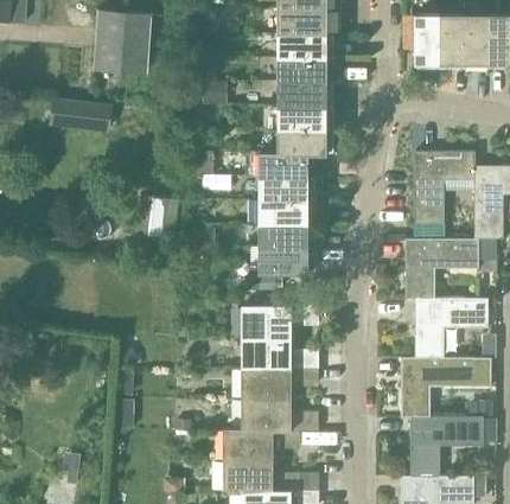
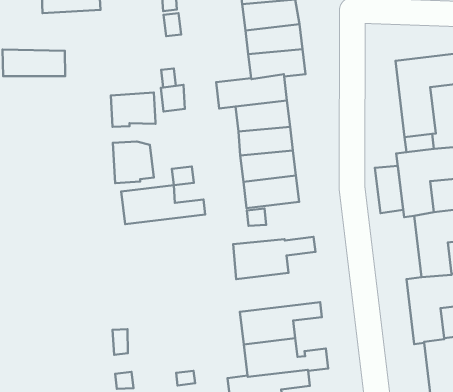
building: none -> [111,92,156,127]
building: none -> [375,166,403,213]
building: [242,338,318,369] -> [121,185,205,224]

